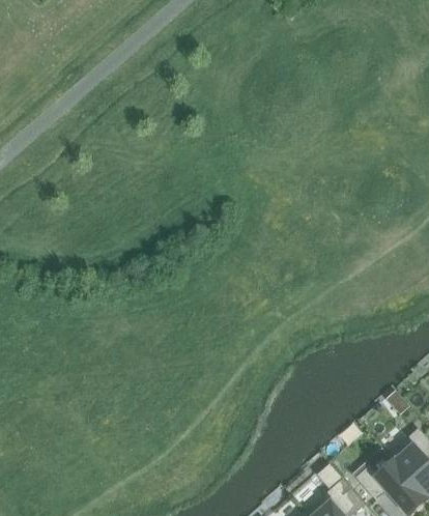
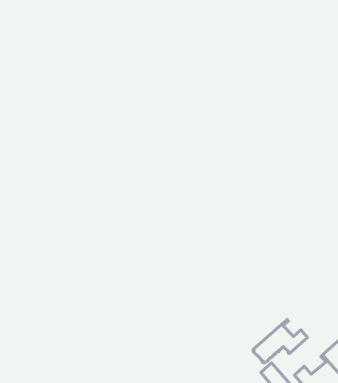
building: none -> [253,320,307,363]

